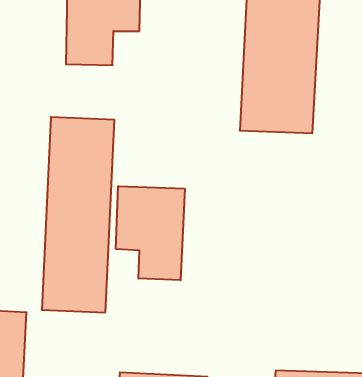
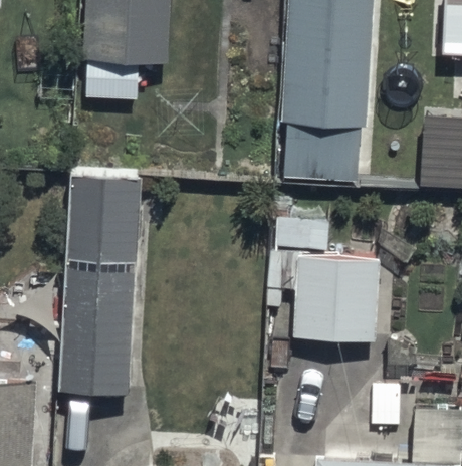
building: none -> [265,215,378,336]
building: [116,186,185,280] -> none

